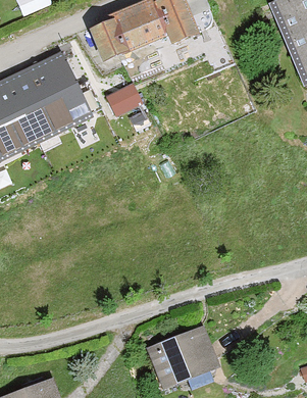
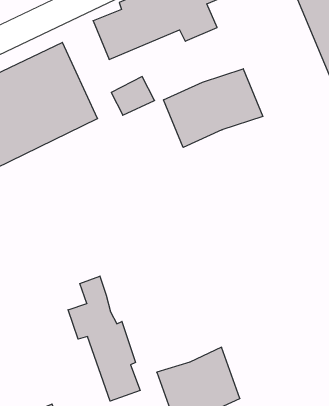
building: none -> [164,69,263,147]
building: none -> [68,276,140,401]

